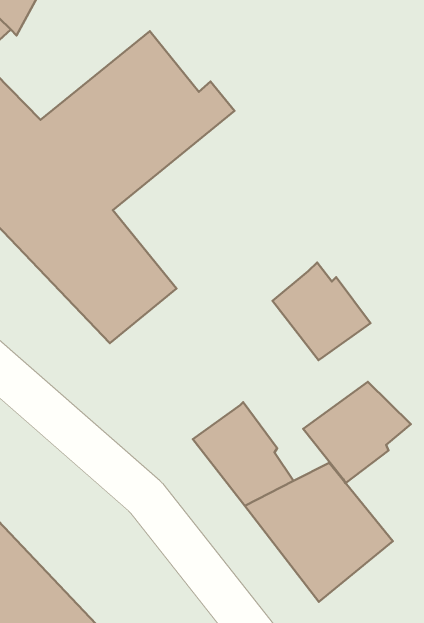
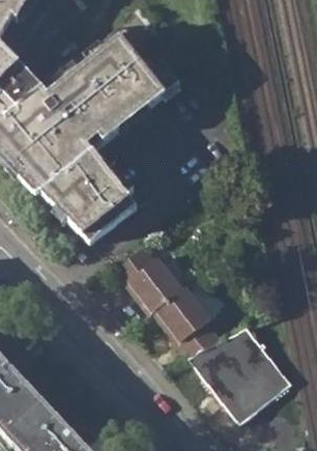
building: [273,262,370,360] -> [112,243,180,311]
building: [303,382,411,483] -> none

